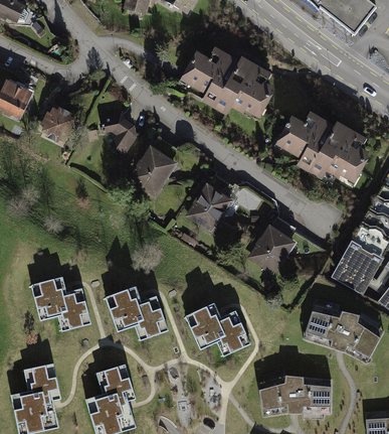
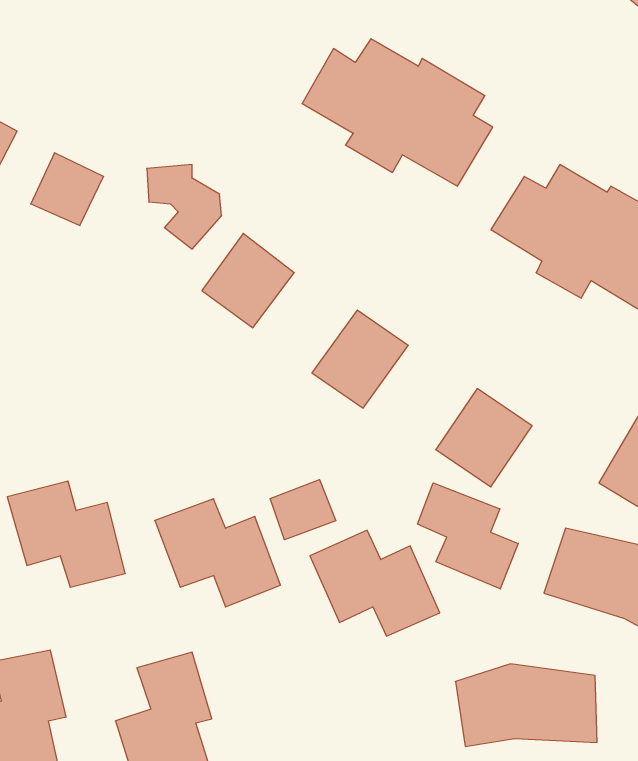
building: none -> [270,480,336,540]
building: none -> [417,483,518,589]

